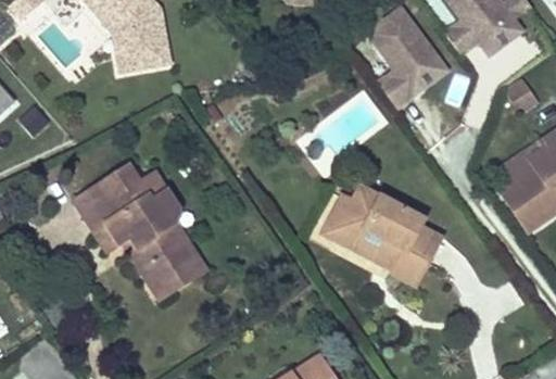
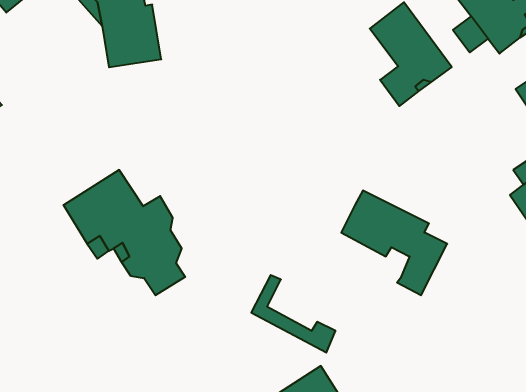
building: [325,195,405,269] -> [251,275,336,353]
building: [139,241,206,299] -> none

